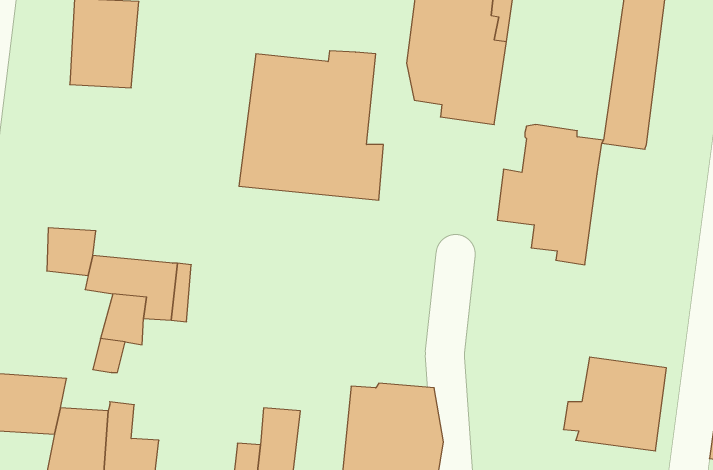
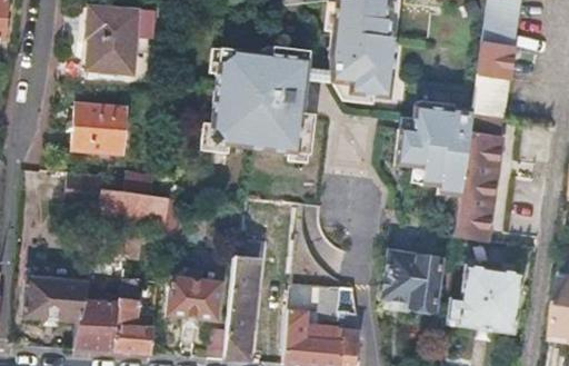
building: none -> [74,106,127,152]
building: none -> [456,133,501,240]
building: none -> [229,239,261,305]
building: none -> [382,255,439,309]
building: none -> [167,270,220,319]

